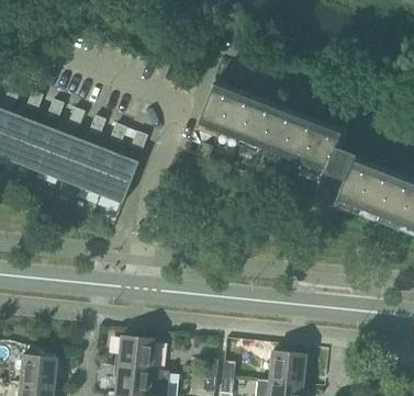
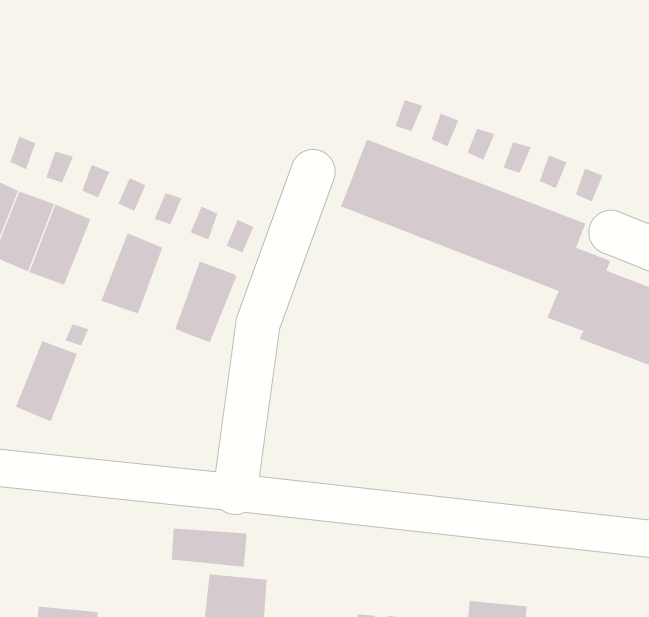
building: [37,131,74,178] -> [15,340,78,422]
building: [80,147,115,194] -> none
building: none -> [171,528,247,567]

